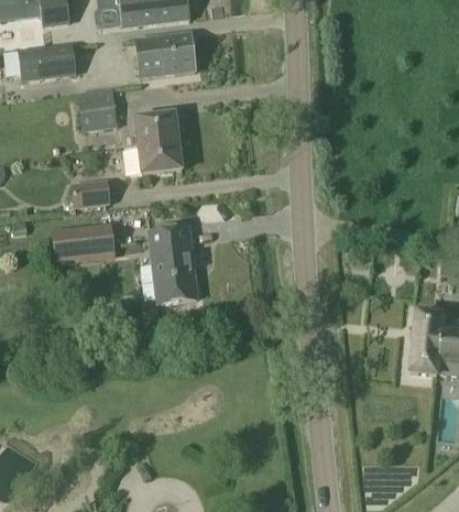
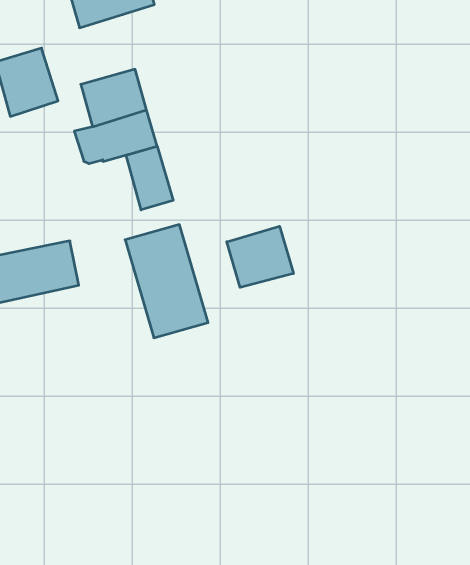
building: none -> [126,146,173,210]
building: [73,182,109,206] -> none
building: none -> [227,226,293,287]

